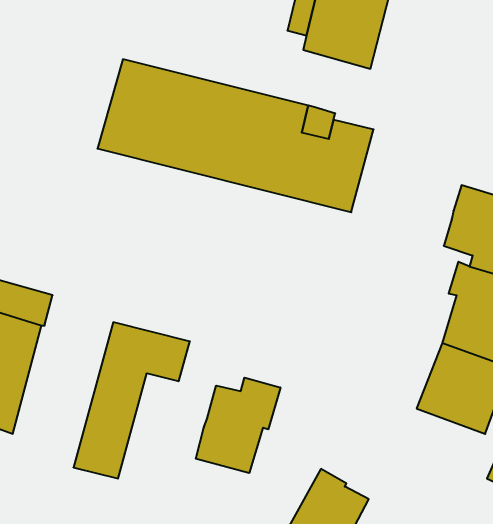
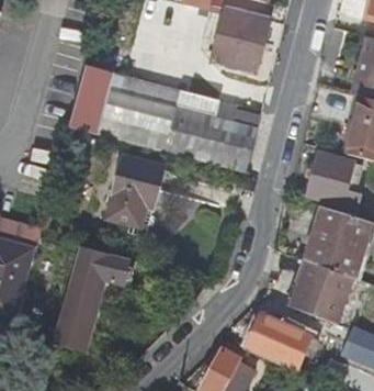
building: none -> [107,155,163,225]
building: [196,378,280,473] -> none
building: none -> [245,312,310,371]

